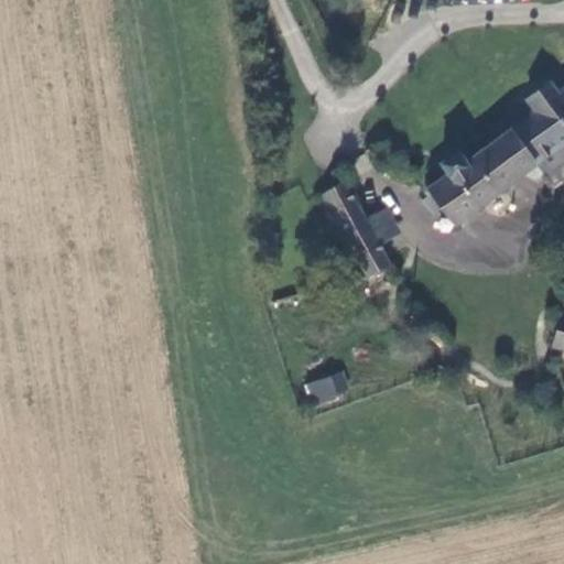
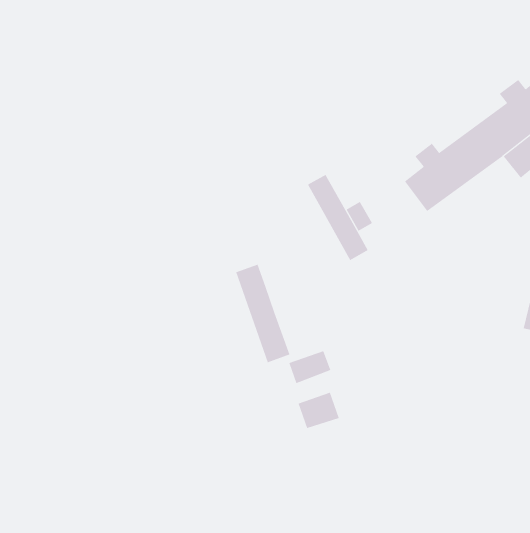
building: none -> [235,264,290,363]
building: none -> [298,392,340,429]

